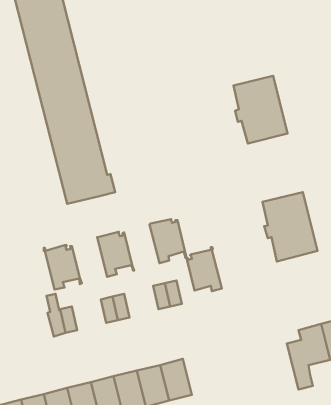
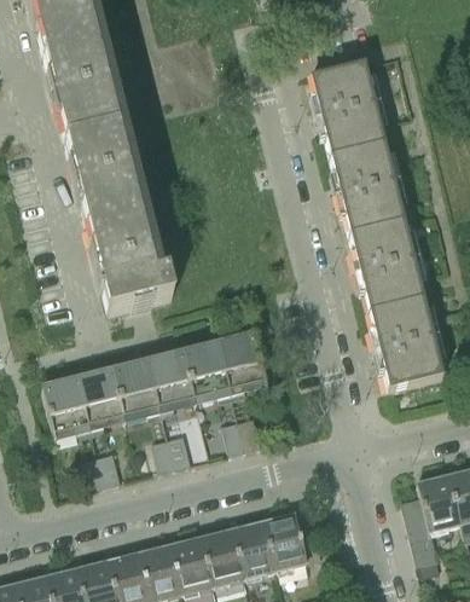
building: none -> [312,63,385,155]
building: none -> [352,219,425,311]
building: none -> [116,355,163,415]
building: [186,247,222,291] -> [186,337,233,396]
building: none -> [45,376,93,439]
building: none -> [265,513,323,569]

